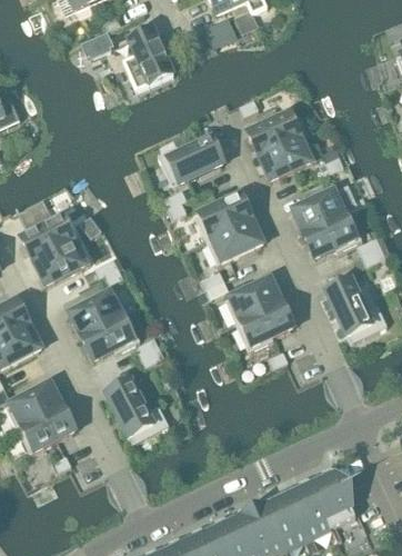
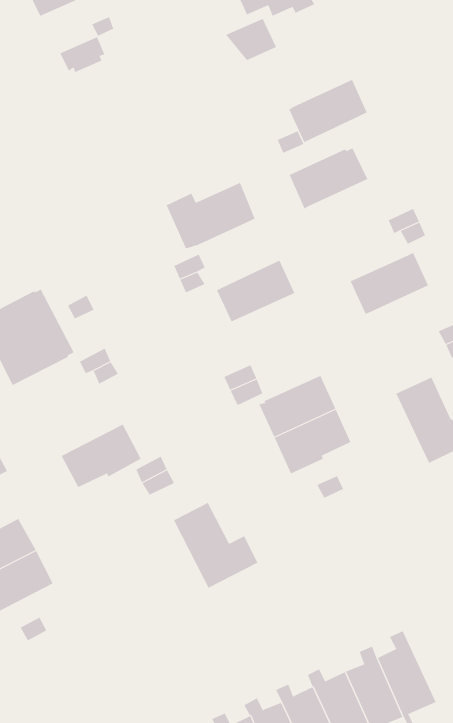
building: [123,28,173,89] -> none
building: [259,133,316,180] -> [289,79,368,143]
building: [303,211,362,257] -> none
building: [205,217,263,262] -> none
building: [69,289,127,336] -> none
building: [107,379,169,443] -> [173,502,258,589]

